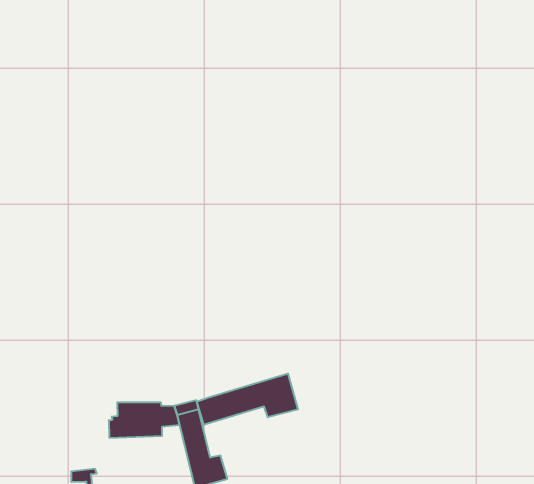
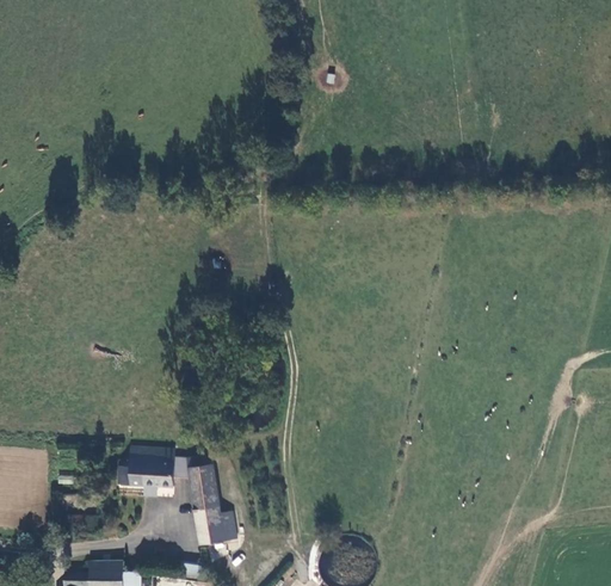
building: [197,373,298,425] -> none

